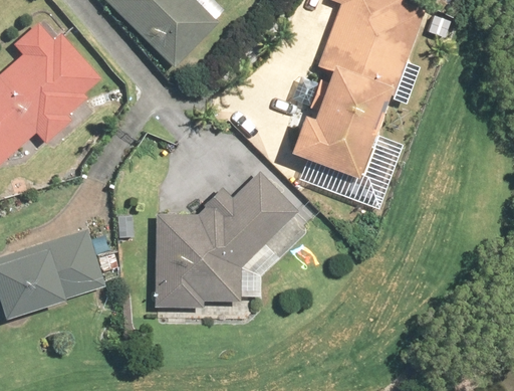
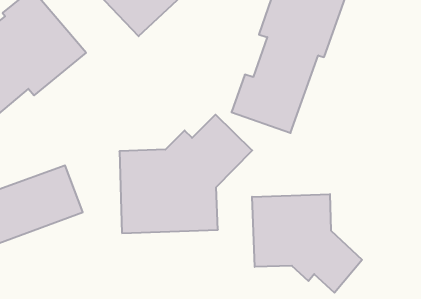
building: none -> [252,194,362,293]

